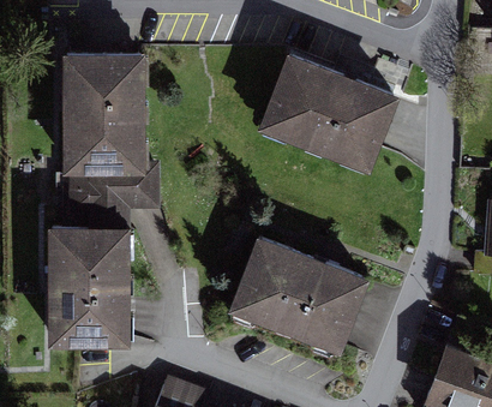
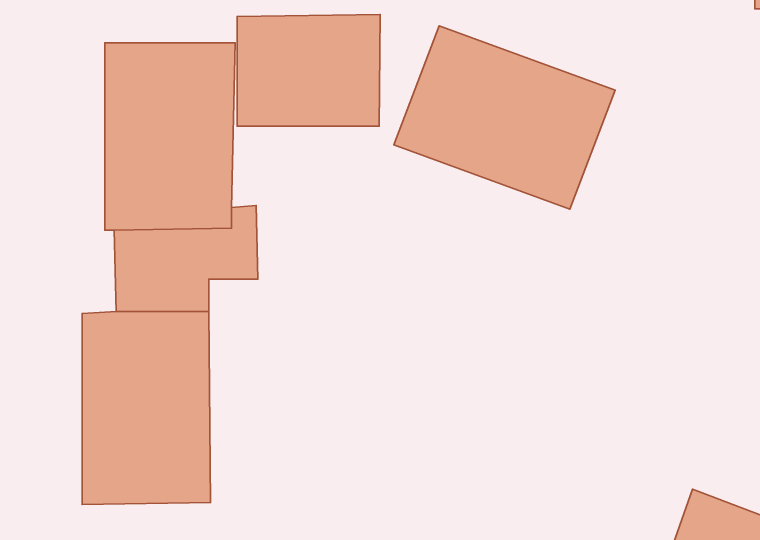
building: none -> [237,15,380,126]
building: [221,233,362,349] -> none

